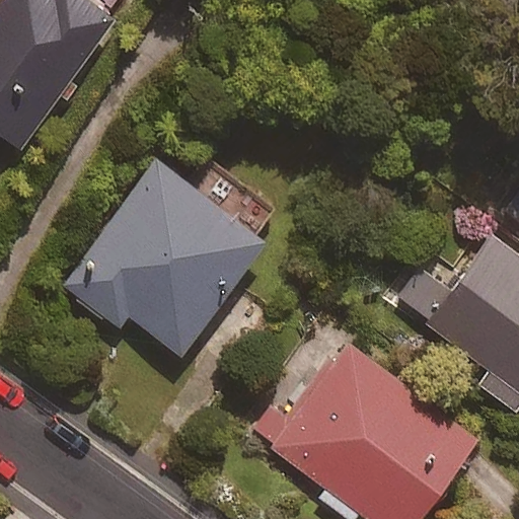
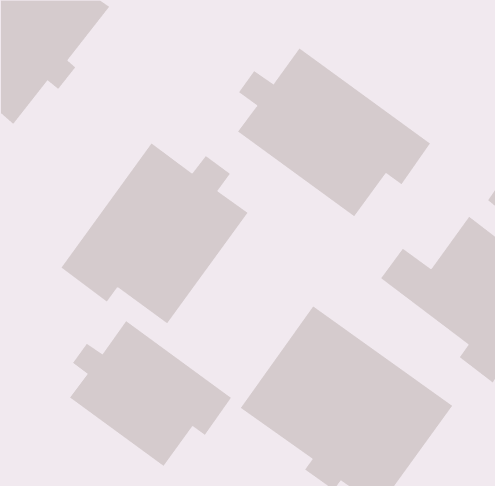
building: none -> [237,47,431,217]
building: none -> [69,320,232,467]

